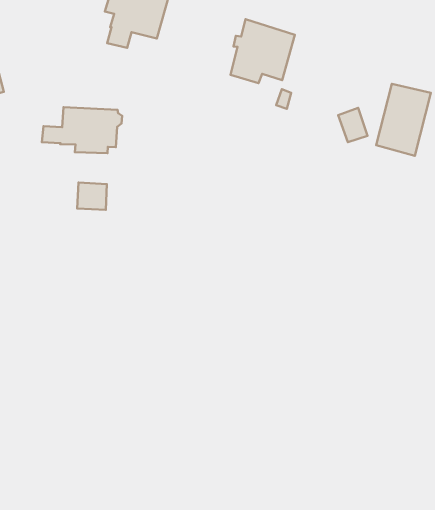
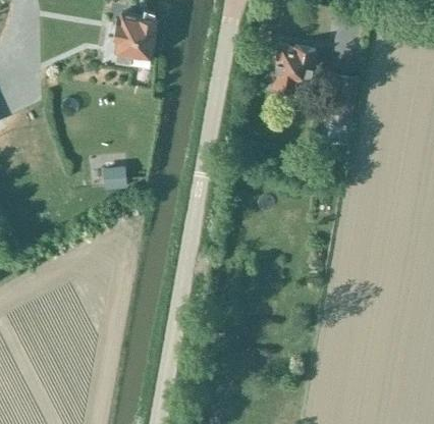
building: [231,19,295,83] -> [271,45,316,92]
building: [42,107,122,153] -> none

